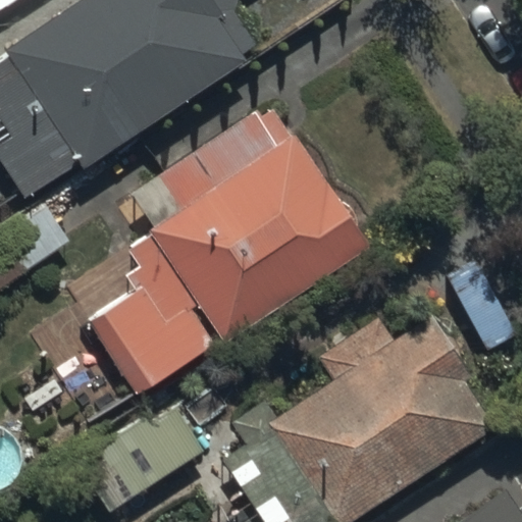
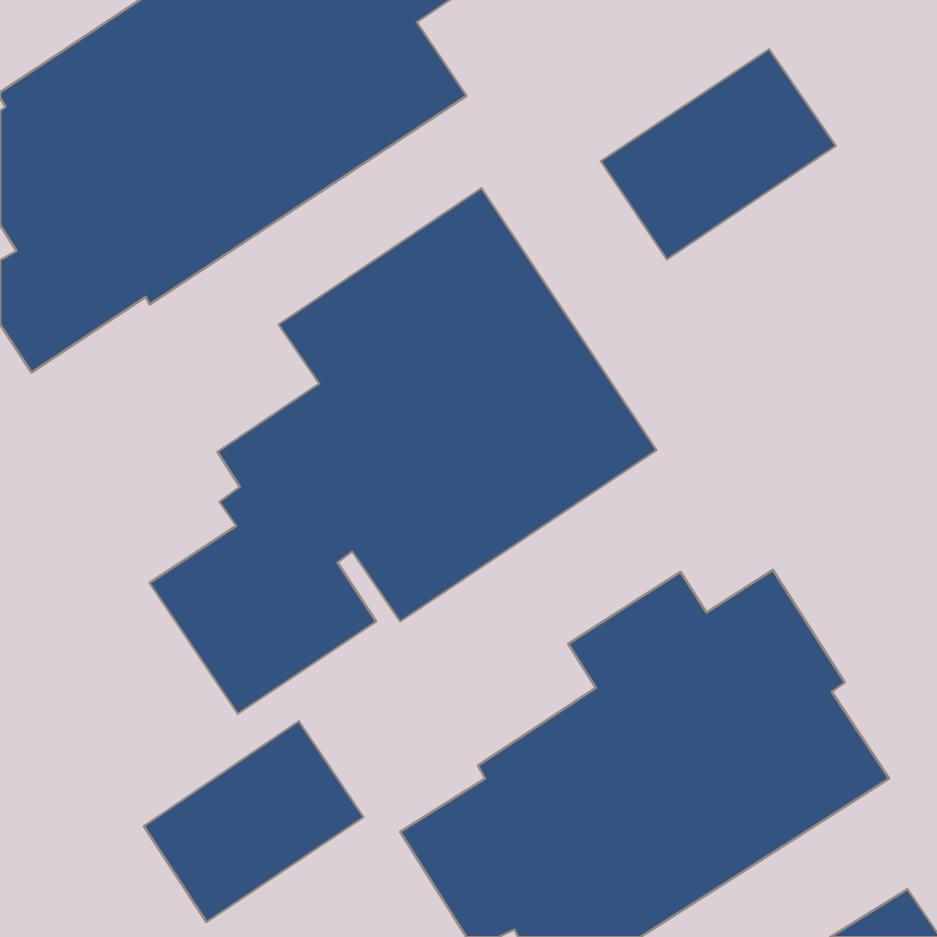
building: none -> [601,49,836,259]

